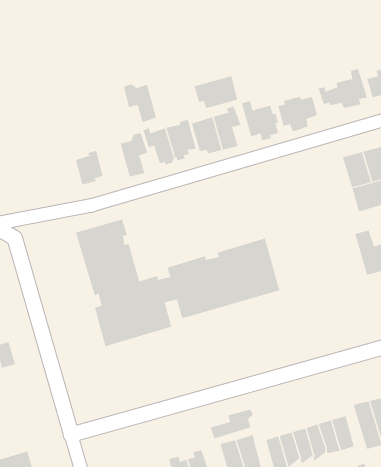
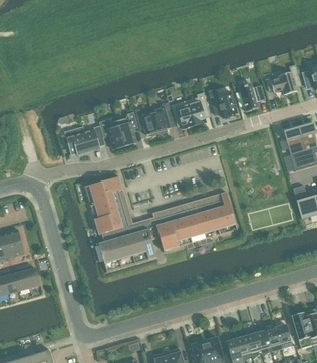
building: [194,75,238,109] -> none
building: [123,84,157,123] -> [99,120,124,149]
building: none -> [64,126,89,155]
building: [210,409,253,439] -> none

